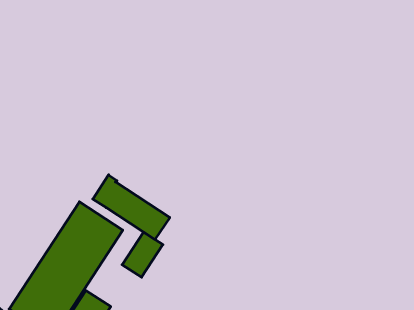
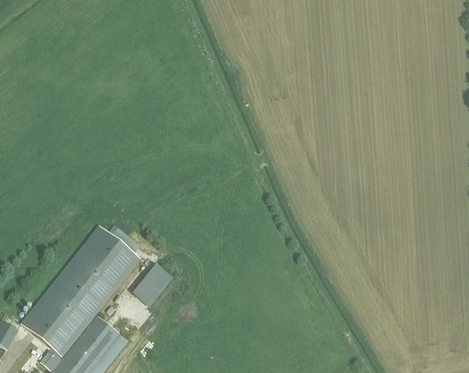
building: [93,175,170,239] -> none

